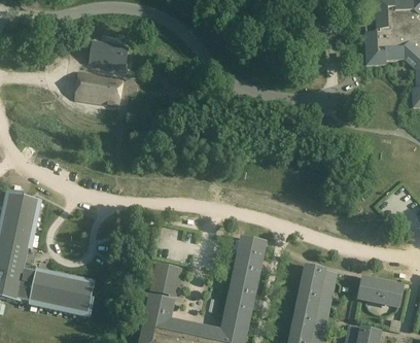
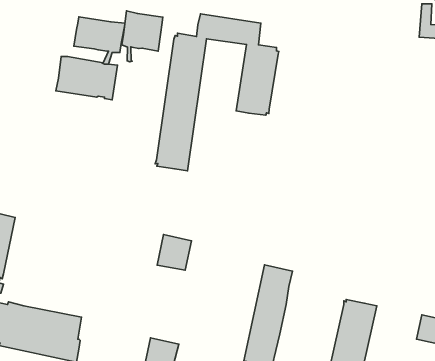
building: none -> [122,11,163,62]
building: none -> [155,14,279,171]
building: [152,264,180,293] -> [157,234,192,270]

